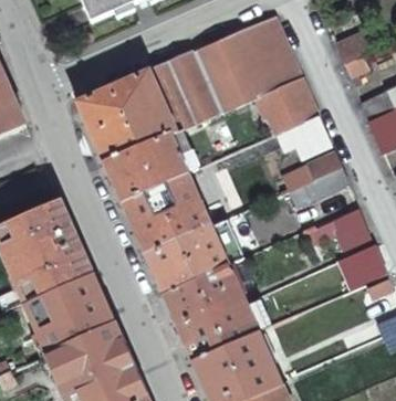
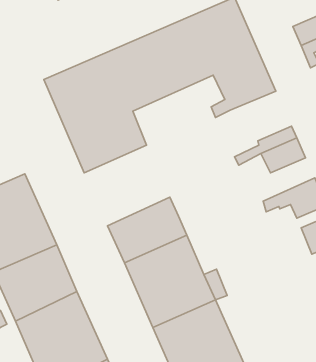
building: [272,113,334,159] -> none
building: [119,169,209,253] -> none

